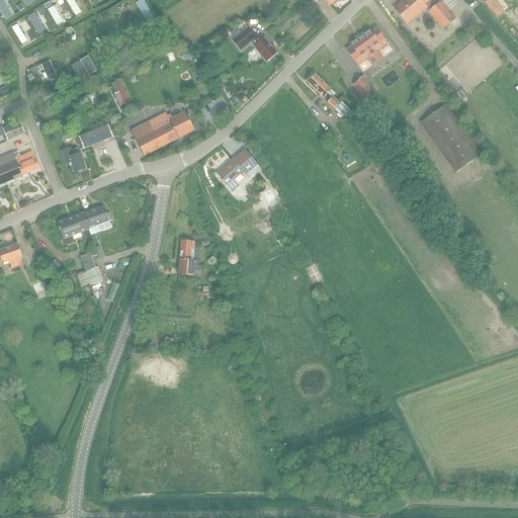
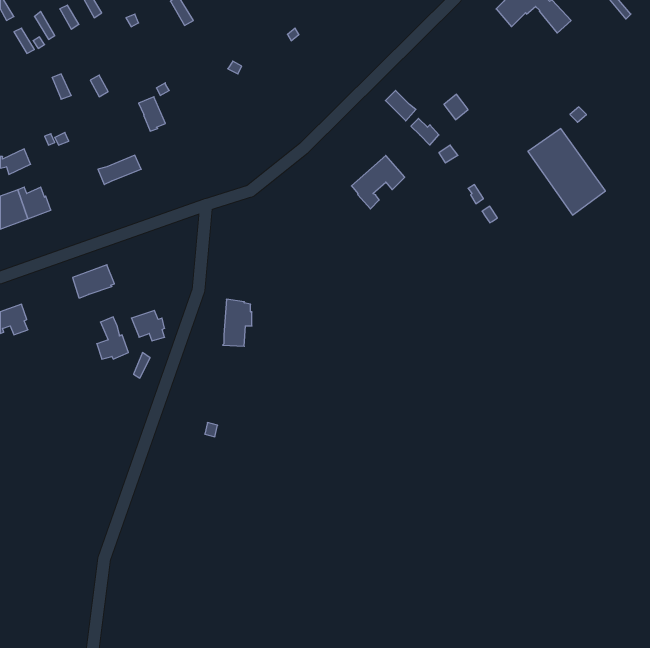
building: [231,26,276,60] -> none
building: [346,26,387,64] -> none
building: [131,110,195,154] -> none
building: [61,146,86,171] -> none
building: [217,148,259,190] -> [351,155,405,209]
building: [85,204,111,229] -> [131,310,165,341]

